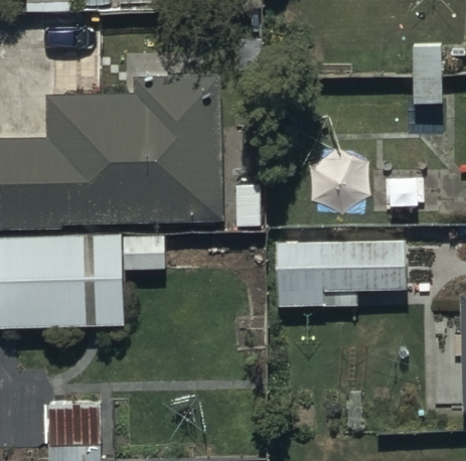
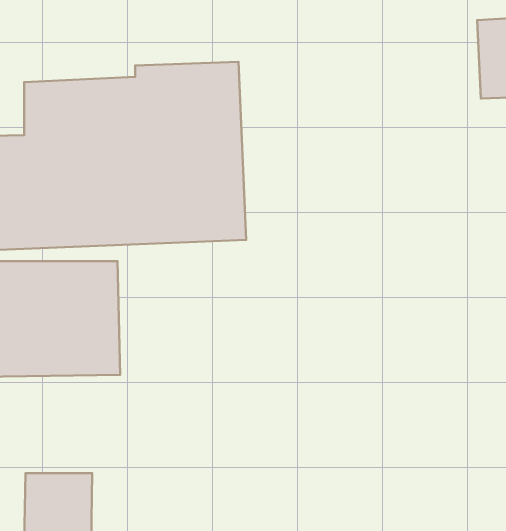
building: [282,242,407,308] -> none

